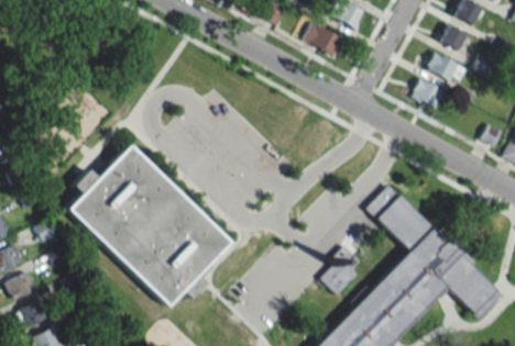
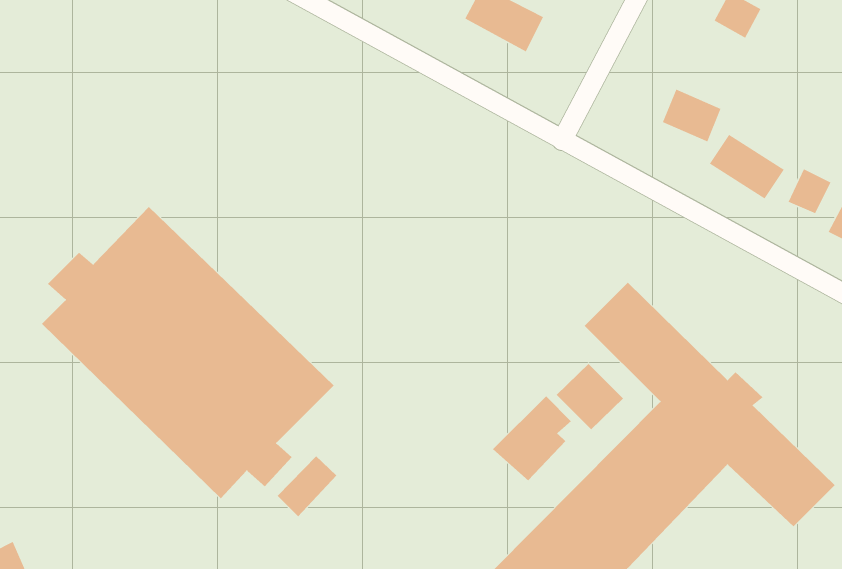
building: [426,51,468,87] -> [709,134,785,200]
building: none -> [556,363,624,430]
building: none -> [277,456,337,517]

